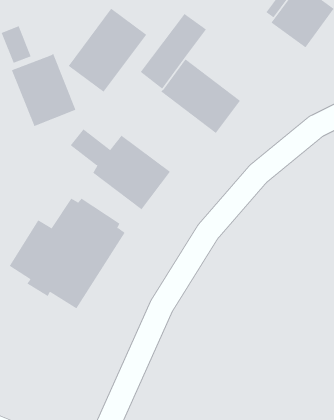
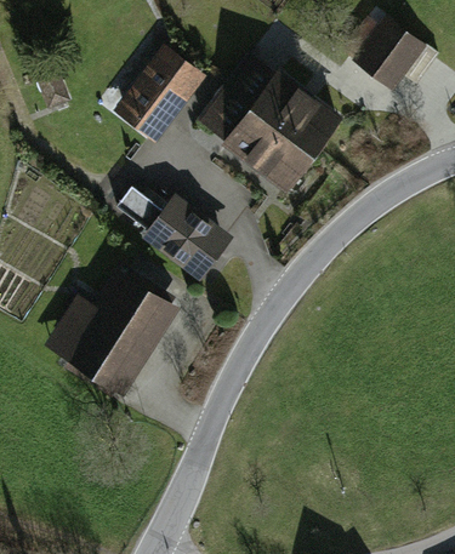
building: none -> [251,69,345,154]
building: [11,53,76,127] -> none

